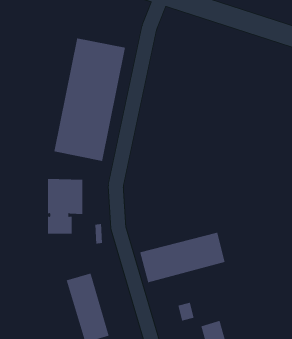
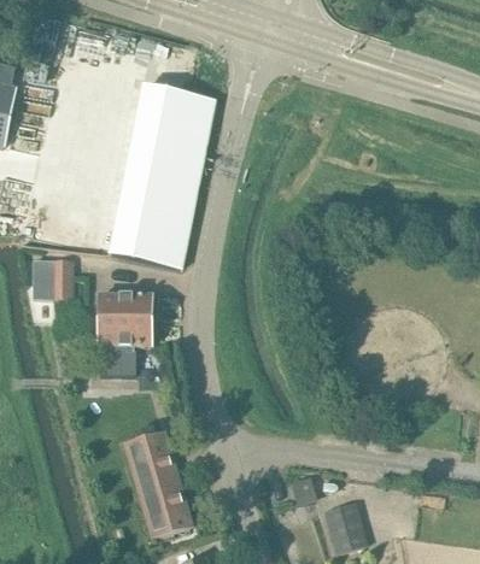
building: none -> [42,259,74,298]
building: [140,232,225,283] -> none

